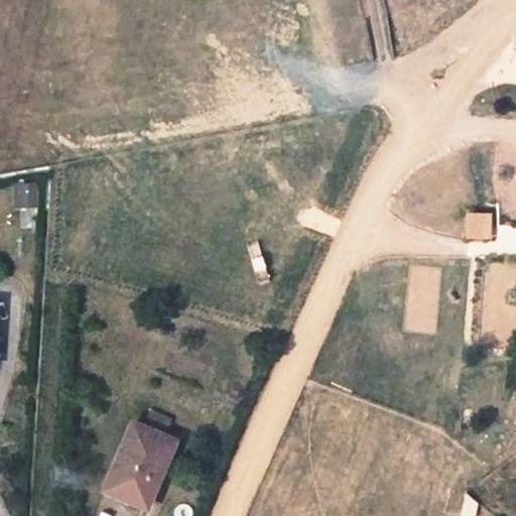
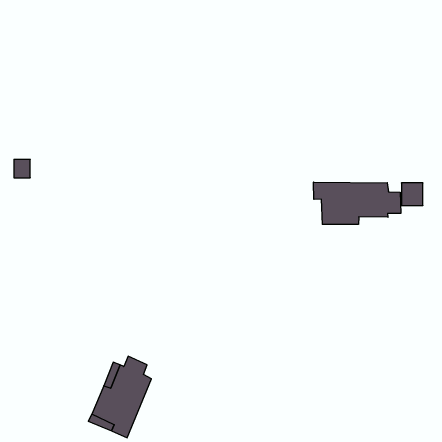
building: none -> [314,182,401,224]

